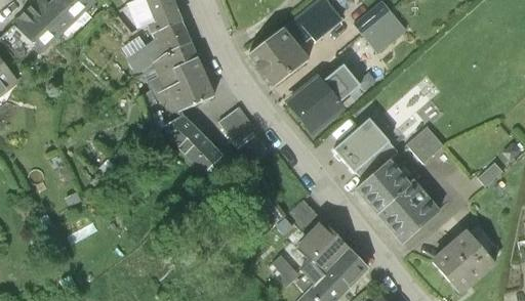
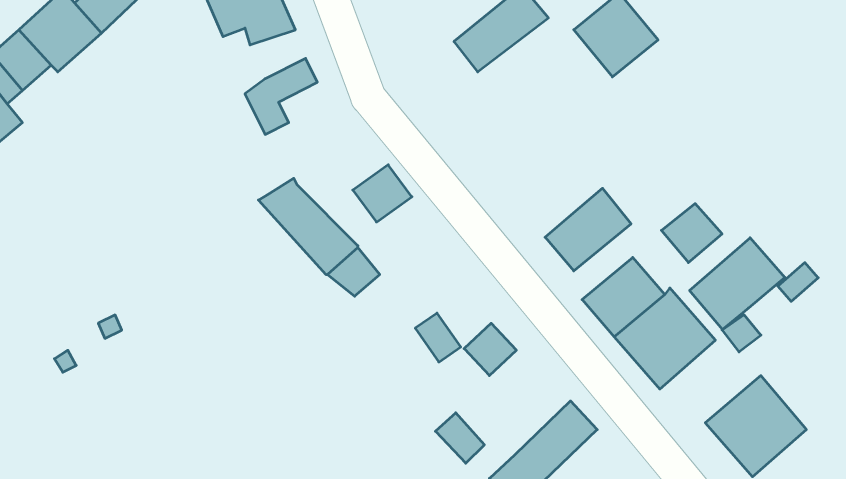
building: [127,23,190,72] -> none
building: [246,30,304,86] -> none
building: [153,54,214,123] -> none
building: [290,63,358,126] -> none
building: none -> [690,238,785,330]
building: [299,221,351,281] -> none

